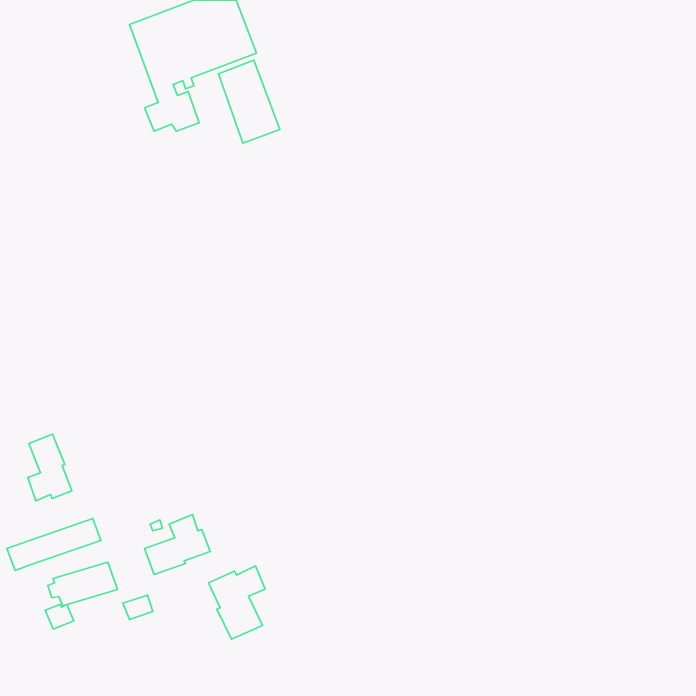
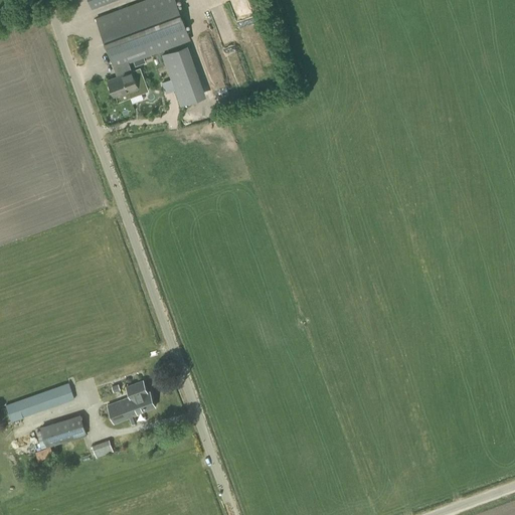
building: [28,434,72,501] -> none
building: [208,566,265,639] -> none

